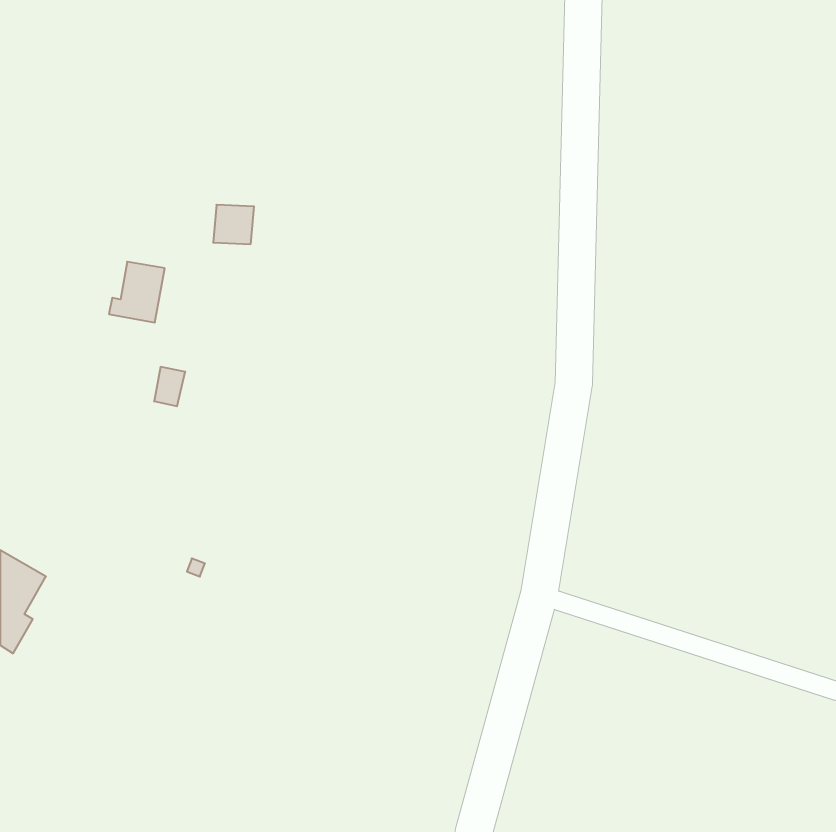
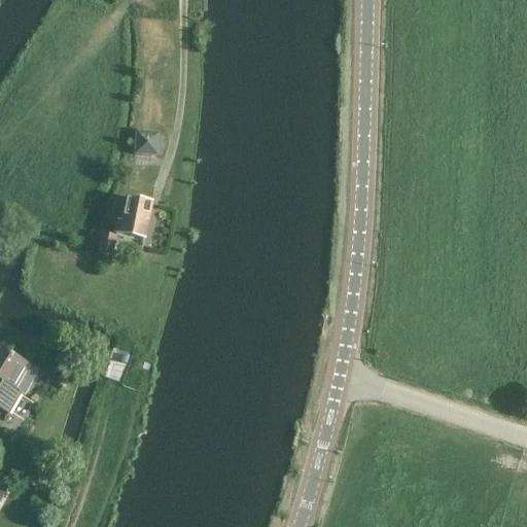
building: [109,262,165,322] -> [116,197,151,235]

